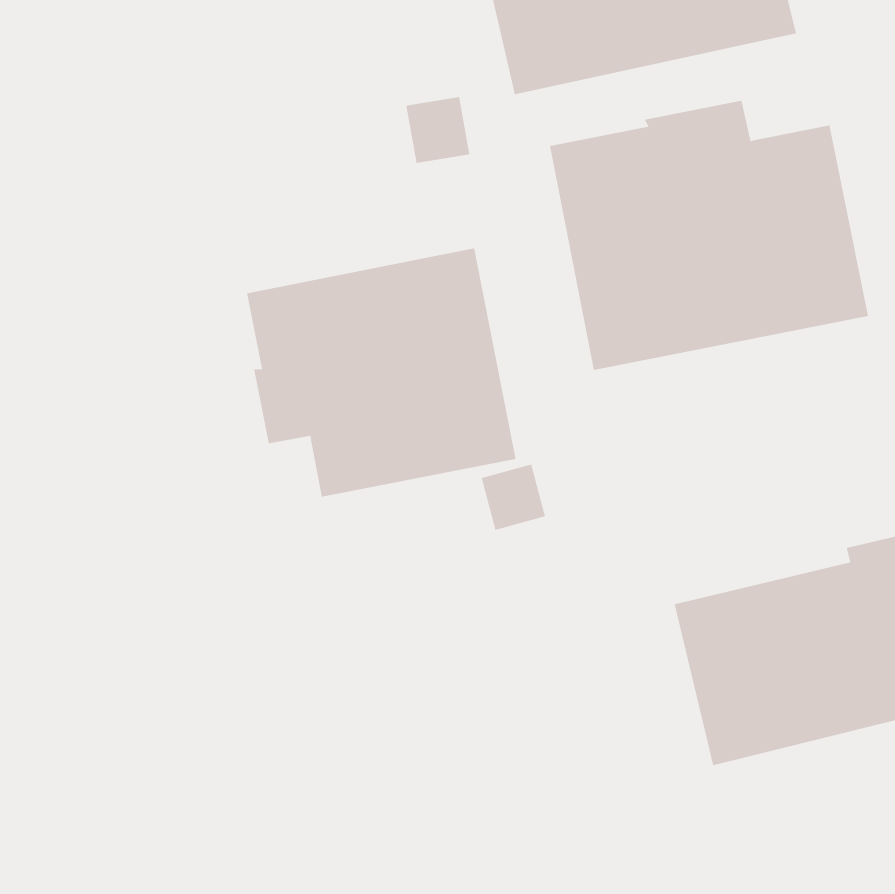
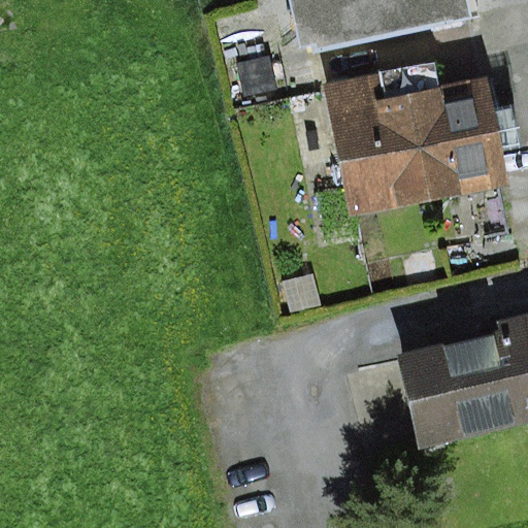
building: [246,248,516,497] -> none

